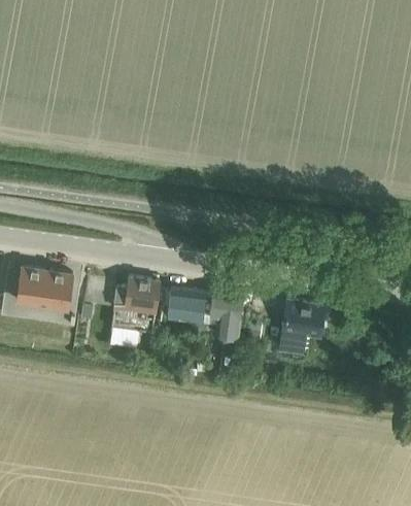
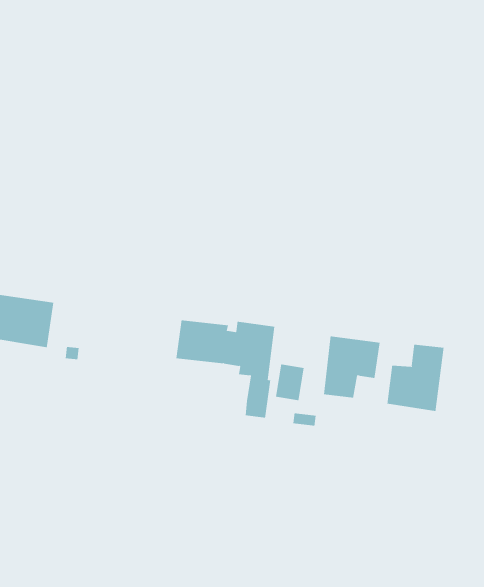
building: [83,277,160,333] -> none
building: none -> [387,344,444,412]

